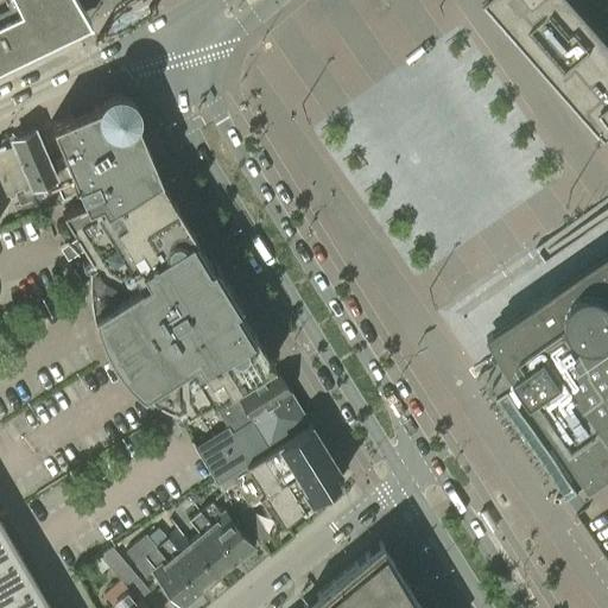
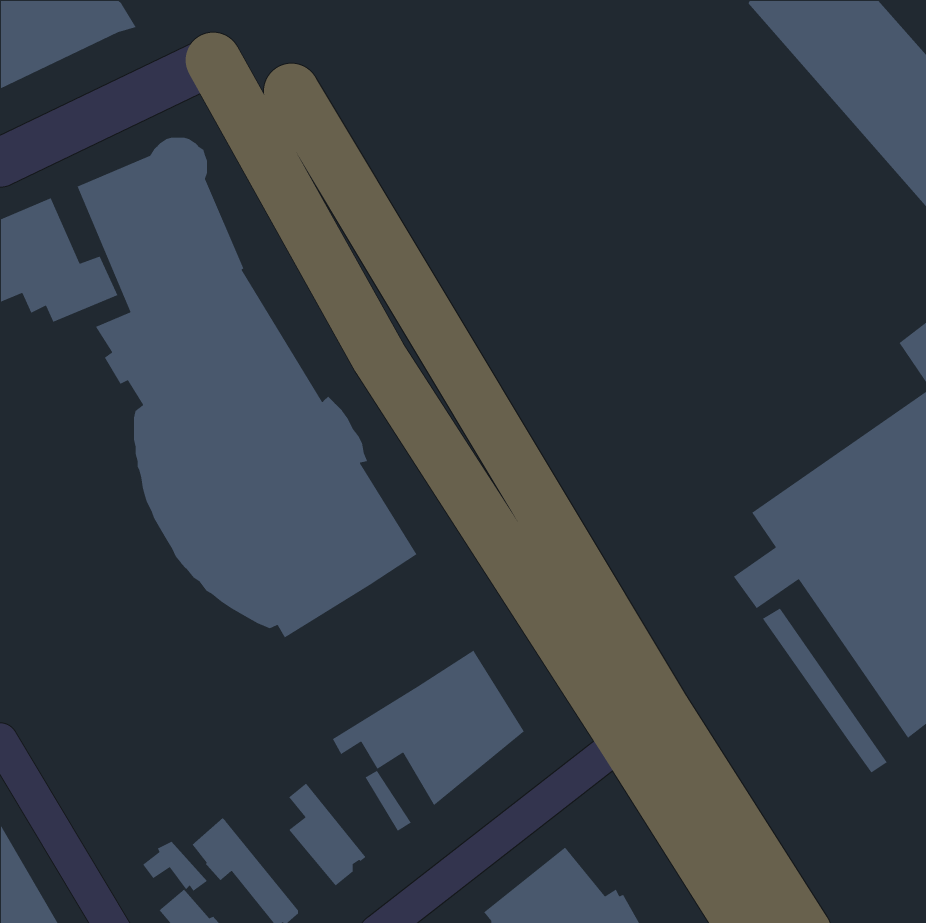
building: [194,379,305,487] -> none
building: [203,506,259,564] -> none
building: [151,532,222,598] -> none

